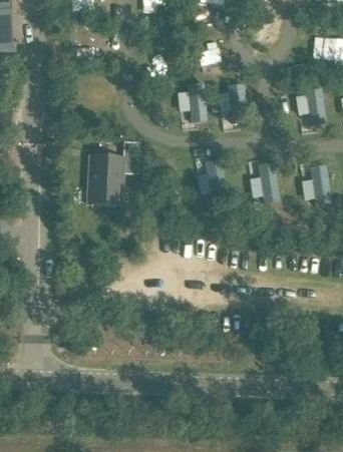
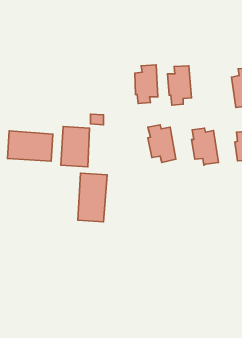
building: none -> [7,131,53,161]
building: none -> [78,173,107,222]

